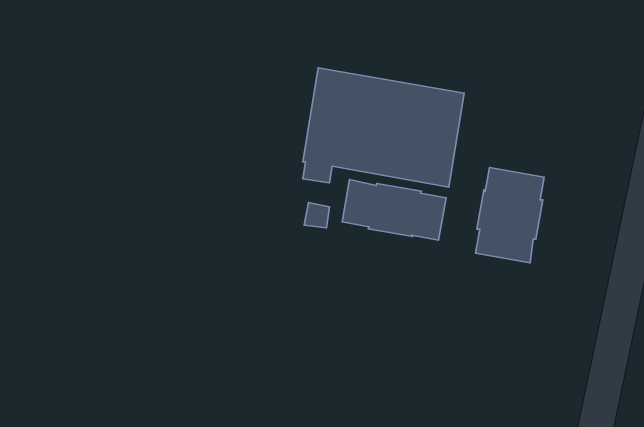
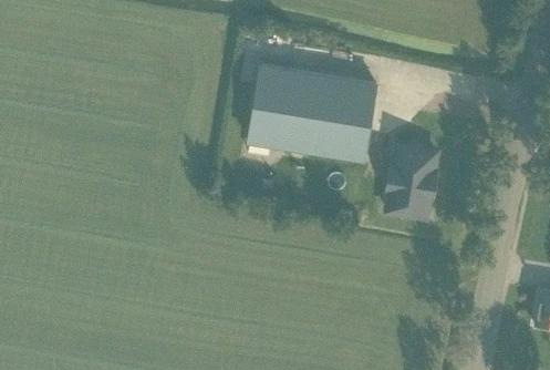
building: [342,179,446,240] -> none

